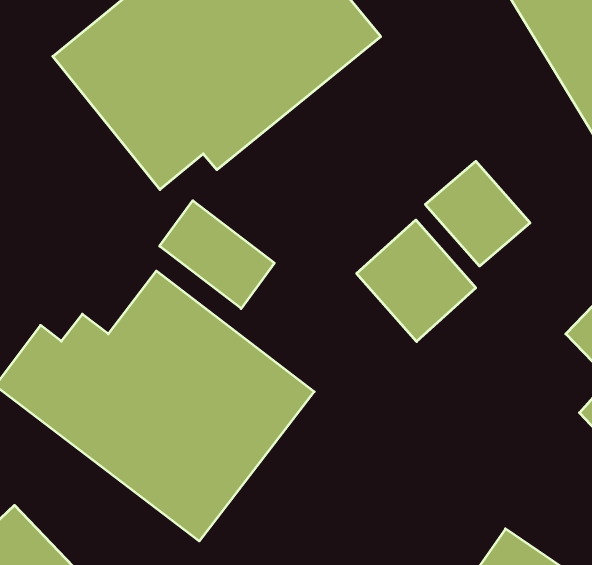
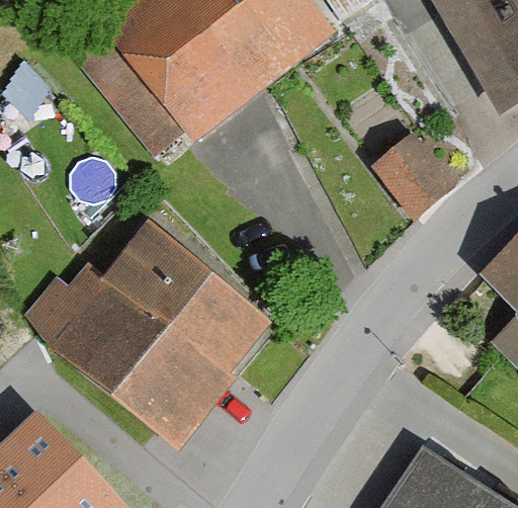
building: [160,201,274,309] -> none
building: [357,220,476,342] -> none

